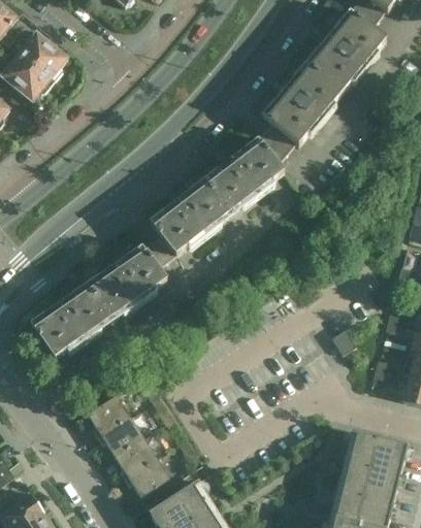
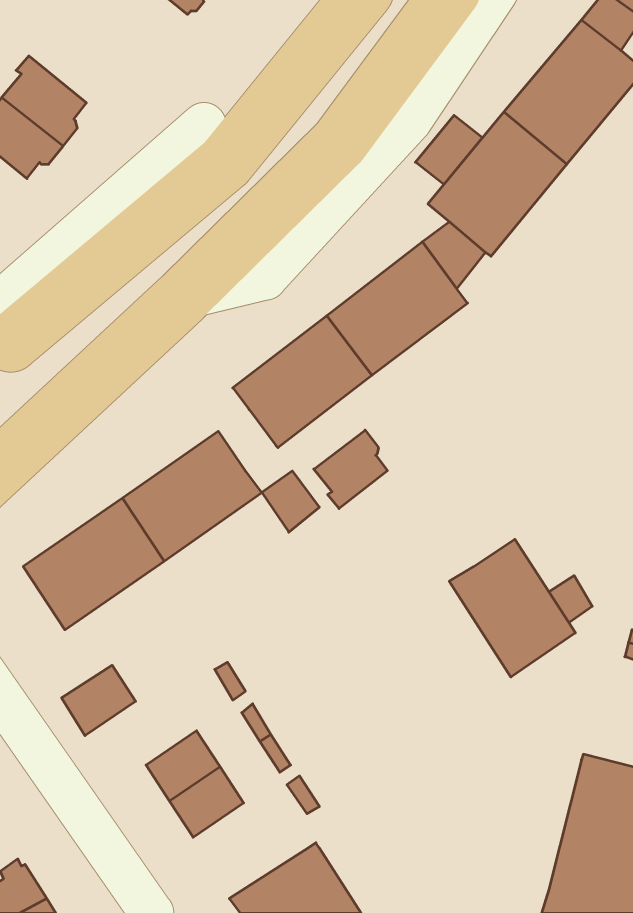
building: none -> [415,115,483,184]
building: [141,234,174,269] -> [262,471,319,532]
building: none -> [314,430,387,509]
building: none -> [449,539,575,677]
building: [87,397,129,437] -> [62,665,136,736]
building: [127,459,169,499] -> none

